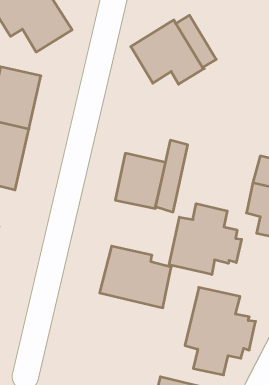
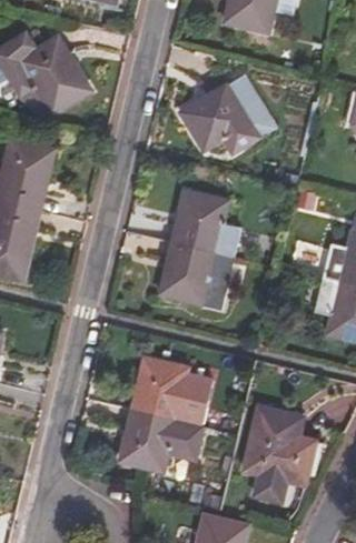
building: none -> [165,188,226,251]
building: [169,204,242,275] -> none
building: none -> [121,409,210,473]

